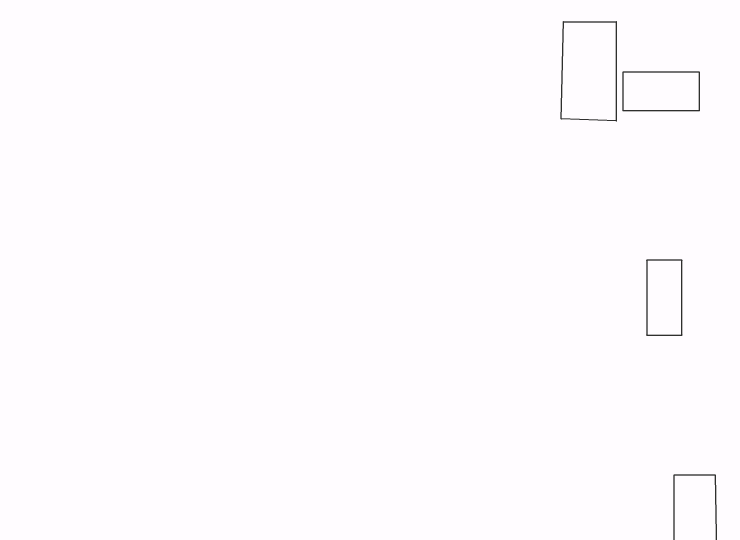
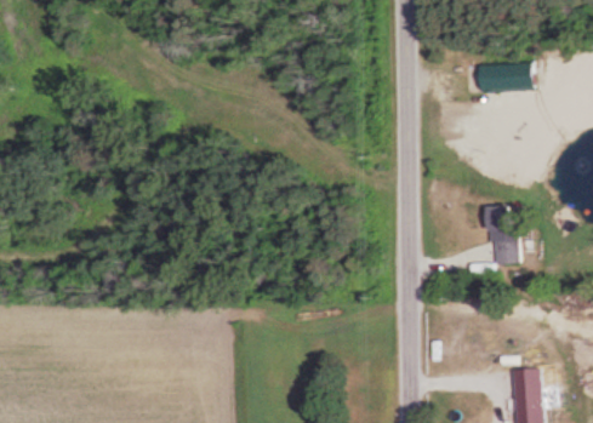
building: [561,22,616,121] -> none

